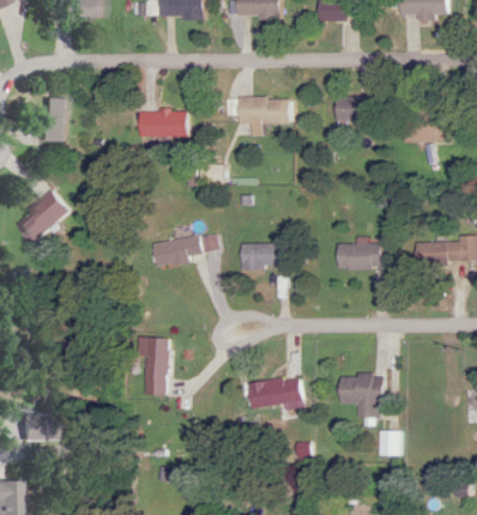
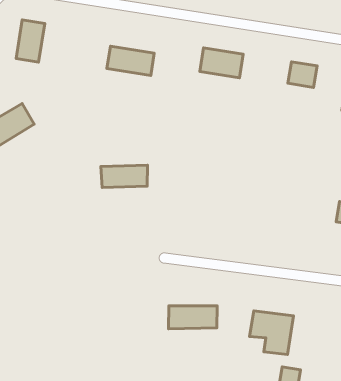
building: [244,243,288,267] -> none
building: [340,243,384,269] -> none
building: [144,338,167,395] -> none

